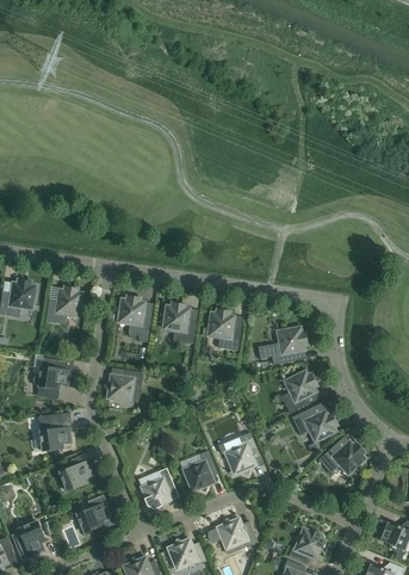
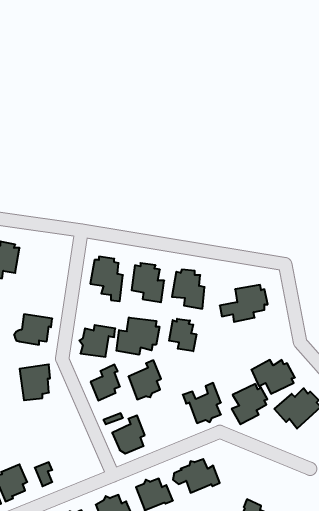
building: [45,284,85,324] -> none
building: none -> [116,317,159,355]
building: none -> [169,319,196,351]
building: [280,369,320,413] -> [232,384,267,424]
building: [181,451,217,494] -> [128,360,161,399]
building: [60,452,92,491] -> [91,365,120,401]
building: [76,494,110,533] -> none
building: [289,526,326,562] -> none

